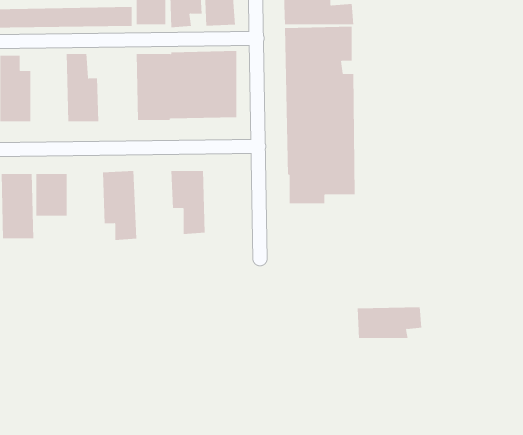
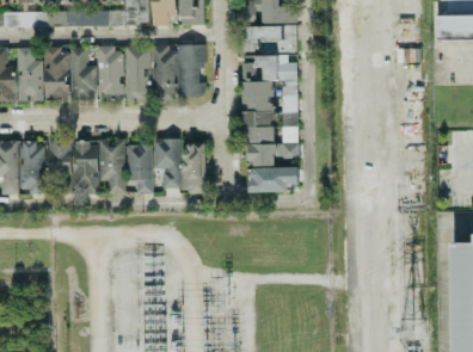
building: none -> [43,45,69,97]
building: none -> [97,45,122,98]
building: none -> [72,140,98,191]
building: none -> [180,142,205,191]
building: none -> [125,143,152,192]
building: [357,307,422,339] -> [247,166,299,191]

